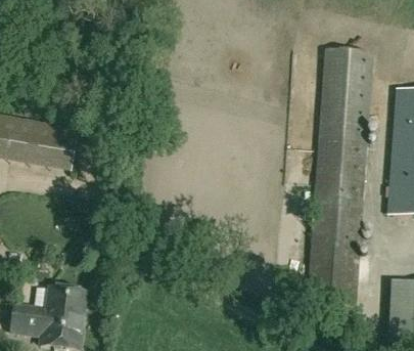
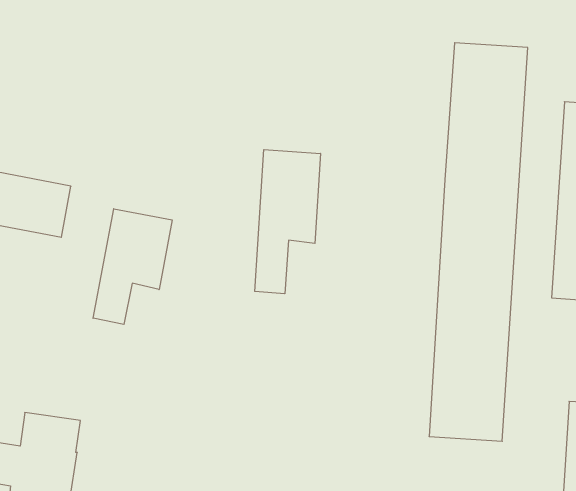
building: none -> [255,150,320,294]
building: none -> [93,209,172,324]

